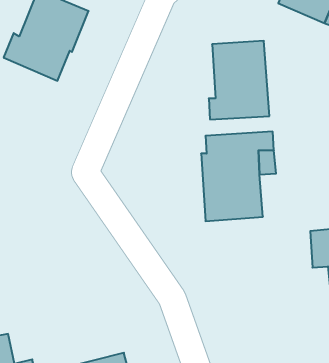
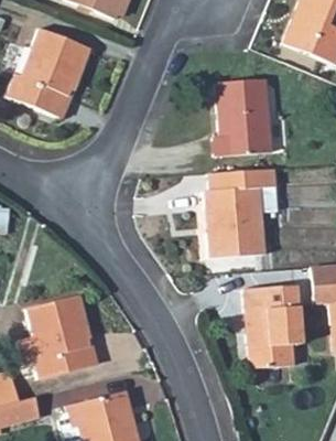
building: none -> [243,286,302,368]
building: none -> [19,295,94,376]

